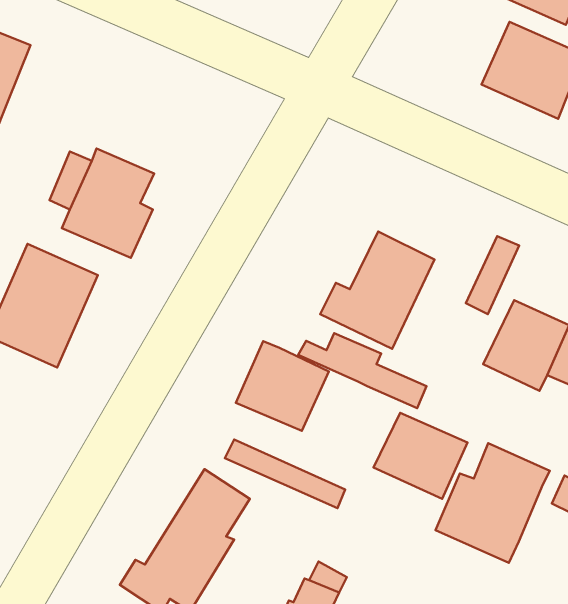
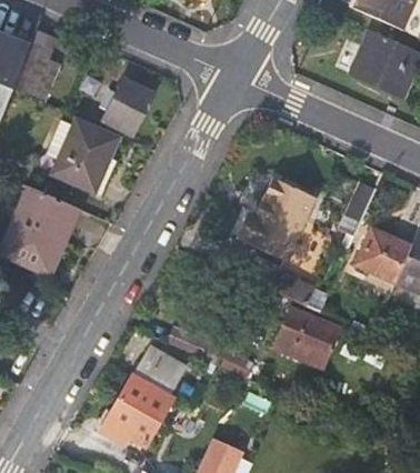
building: none -> [13,32,59,99]
building: none -> [98,79,152,135]
building: [236,341,329,431] -> none
building: [435,443,550,563] -> none

